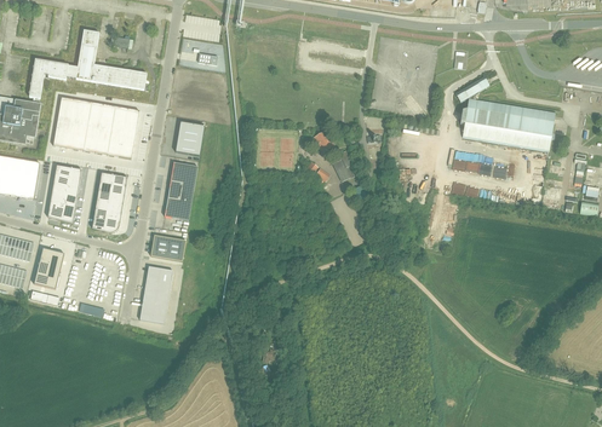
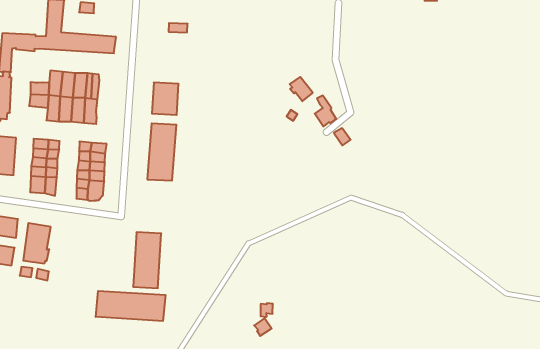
building: [454,75,555,149] -> none
building: [150,233,185,259] -> none
building: none -> [96,291,165,321]

